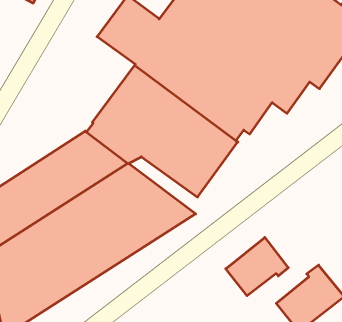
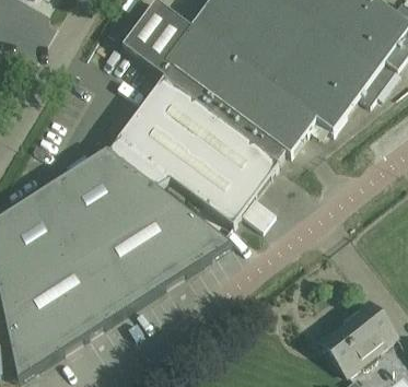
building: [226,237,288,296] -> none

